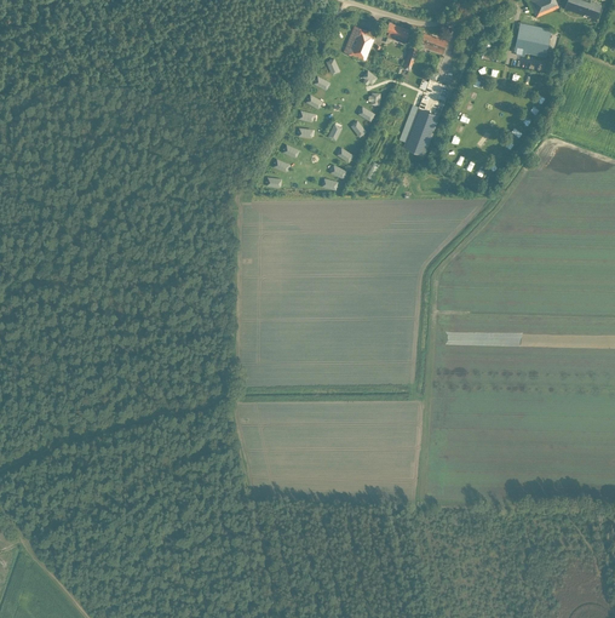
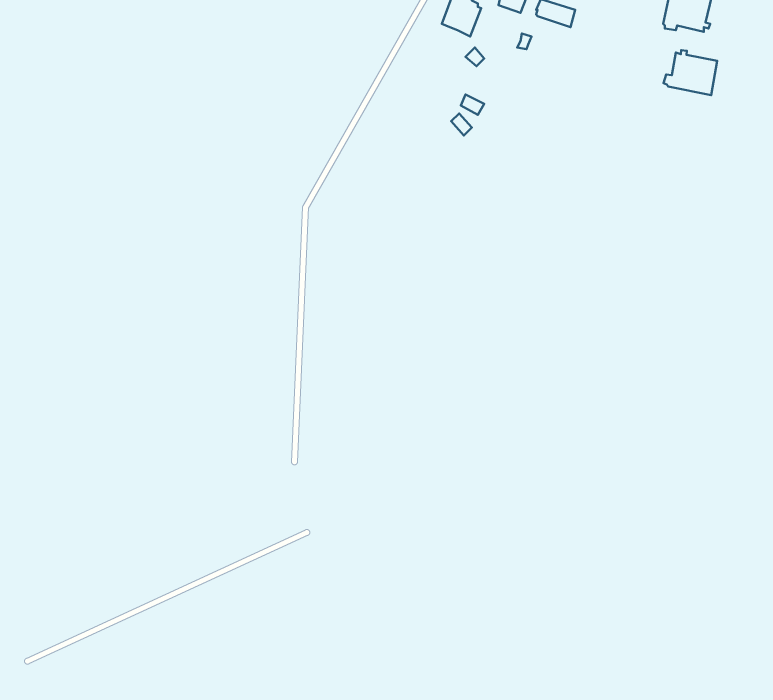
building: none -> [664,50,717,95]
building: [403,107,439,154] -> none

